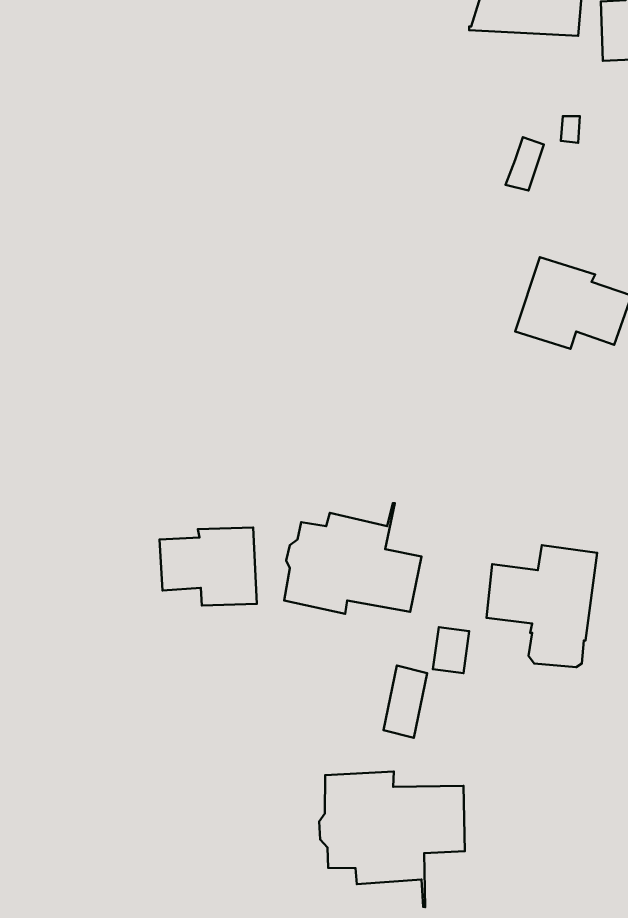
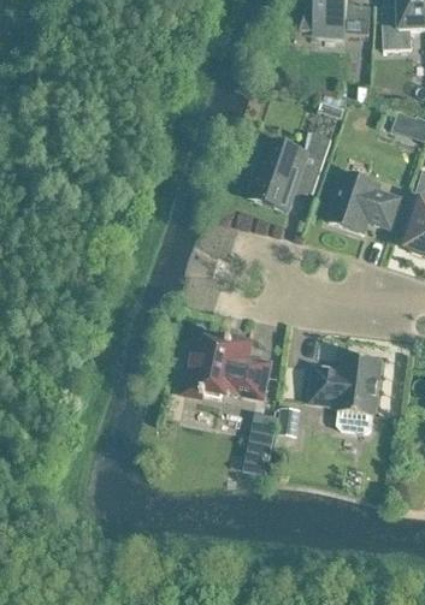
building: none -> [250,130,331,209]
building: [159,528,257,606] -> none
building: [319,771,465,907] -> none

